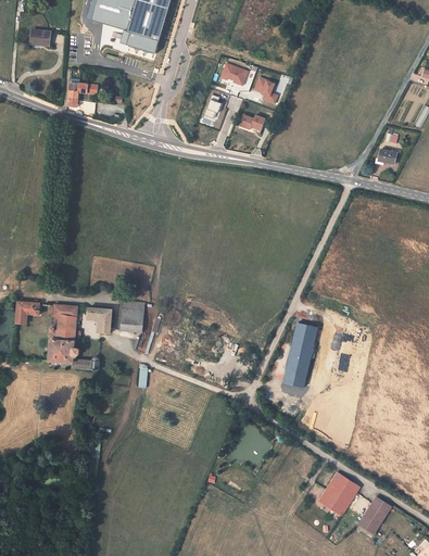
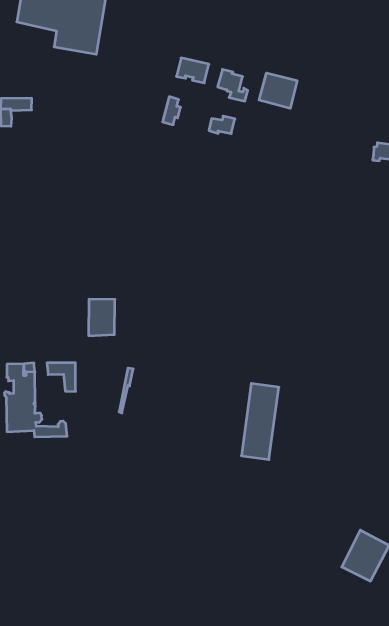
building: none -> [259,73,297,108]
building: [119,301,144,332] -> [89,299,115,336]
building: [281,324,318,389] -> [241,383,279,460]

